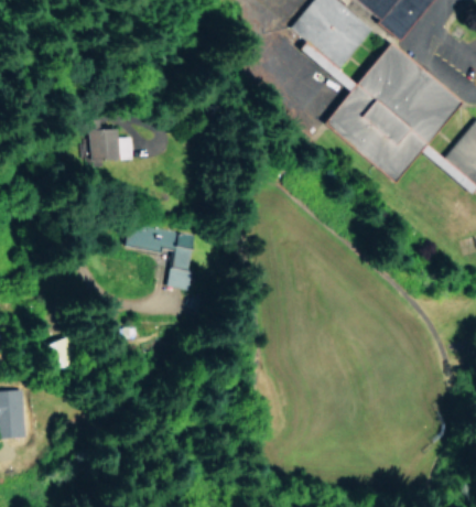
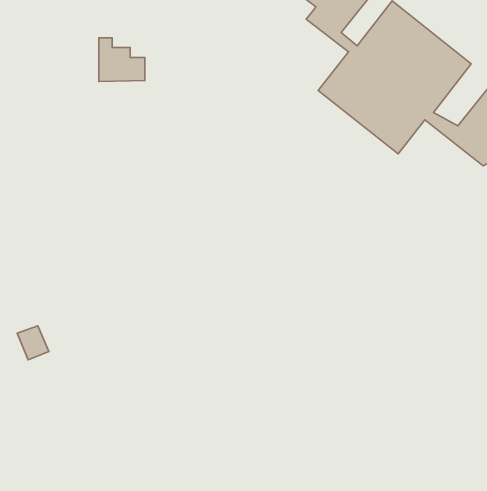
building: [90,119,132,159] -> [99,38,145,82]
building: [126,222,197,292] -> none

